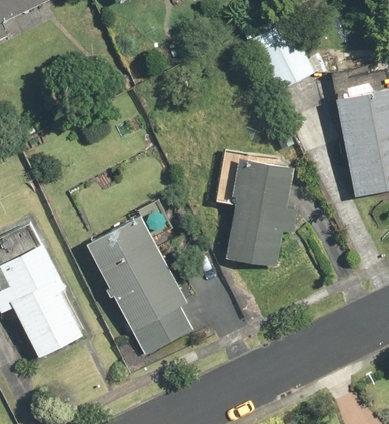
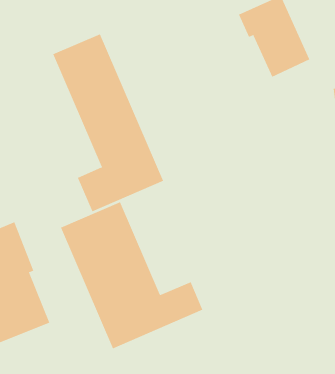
building: none -> [53,33,164,212]
building: [216,149,290,264] -> none

